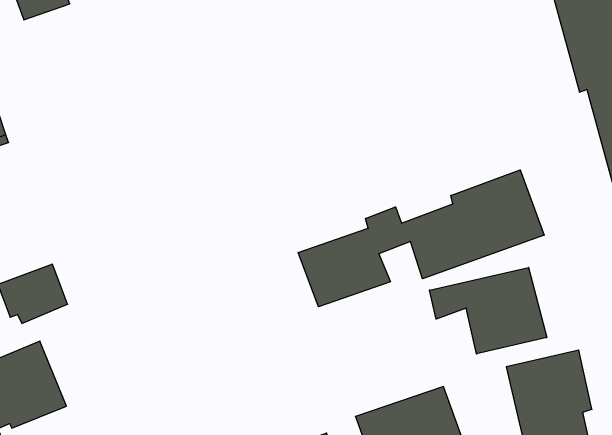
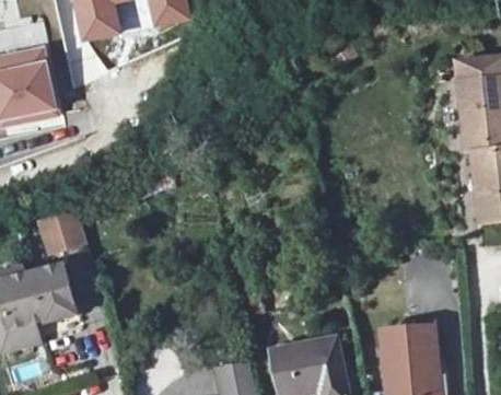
building: [298,170,544,307] -> none
building: [430,267,547,354] -> none

